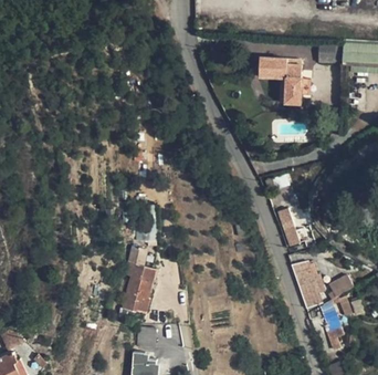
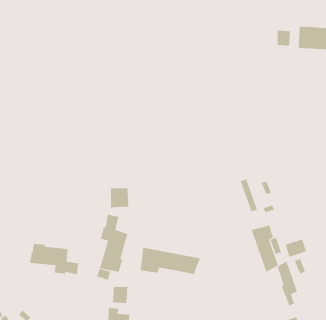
building: [259,58,303,104] -> none
building: none -> [30,243,79,275]
building: none -> [140,247,201,275]

